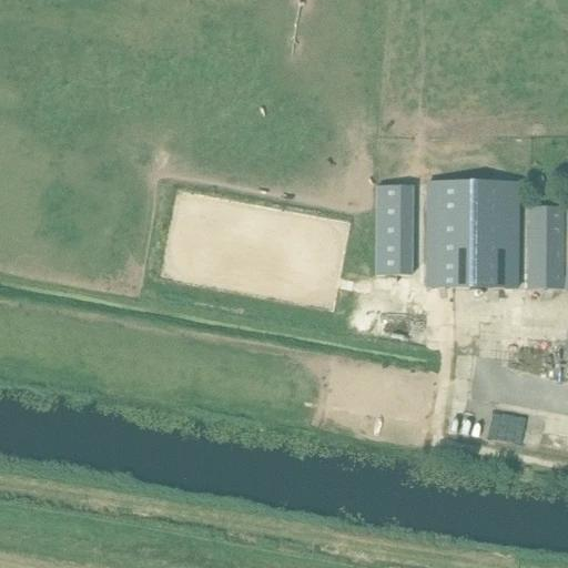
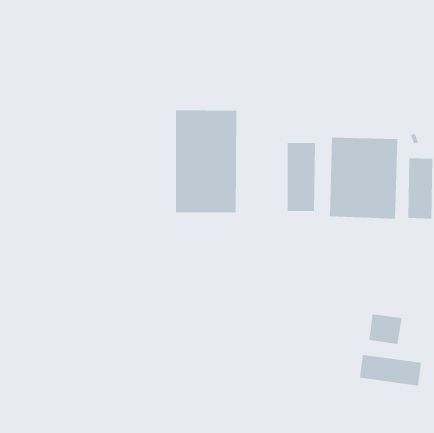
building: none -> [175,110,237,213]
building: none -> [360,354,421,386]

